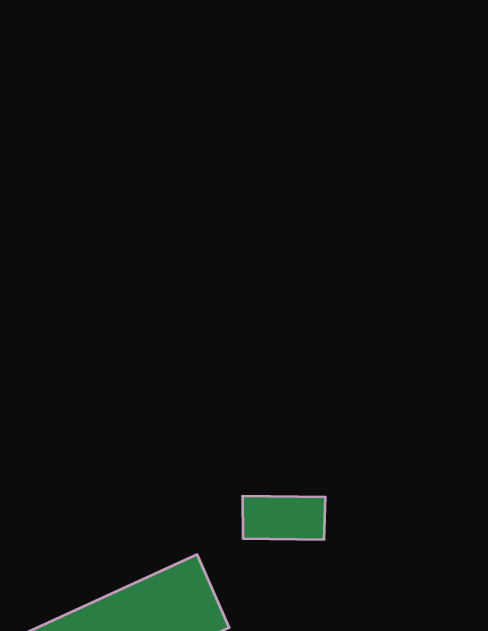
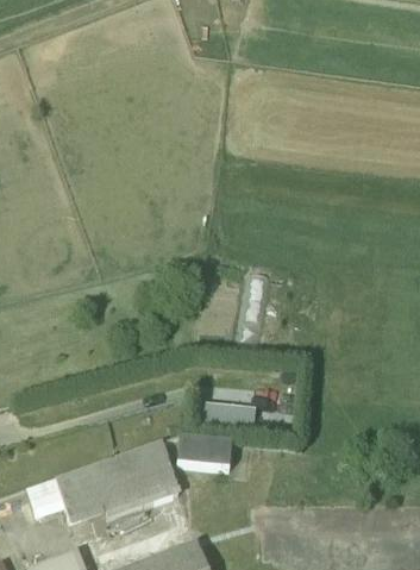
building: none -> [176,437,231,469]

